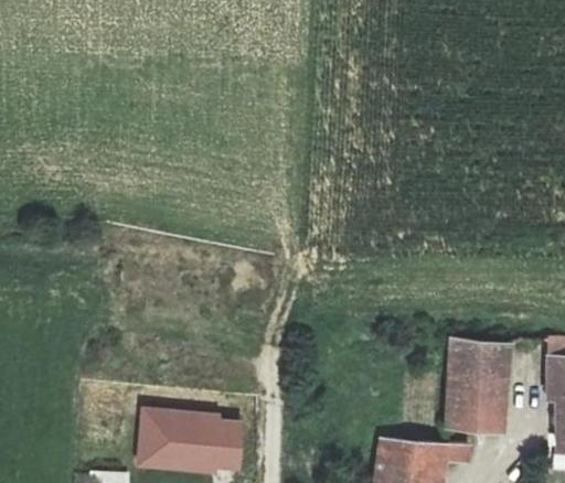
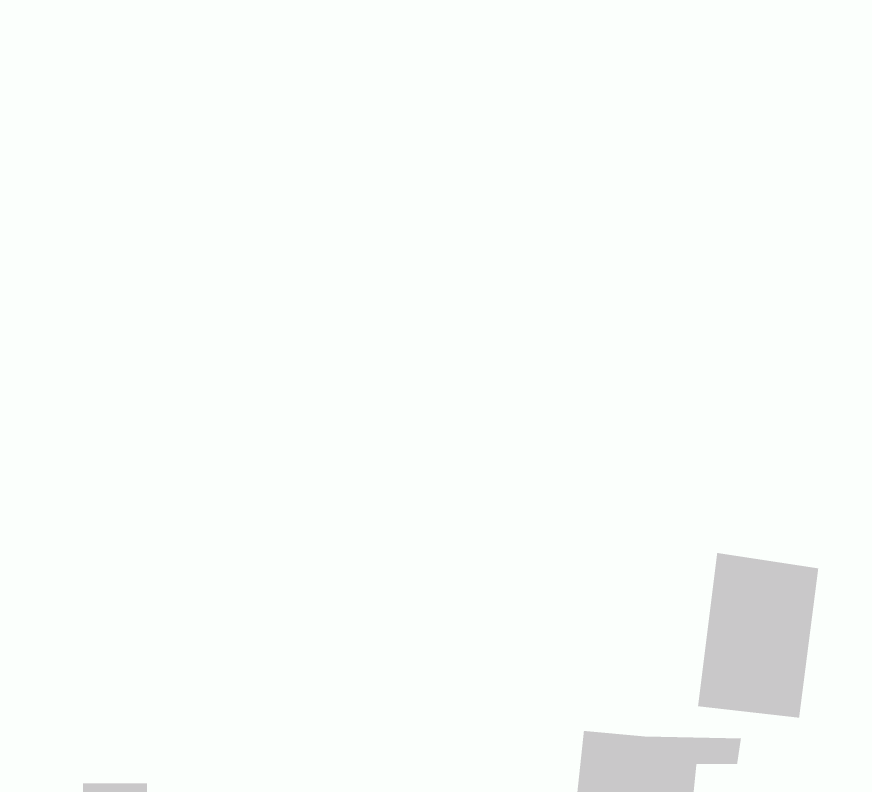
building: [140,411,241,470] -> none

